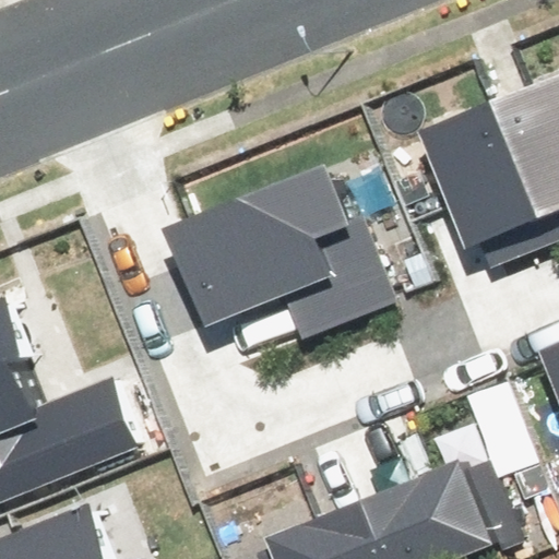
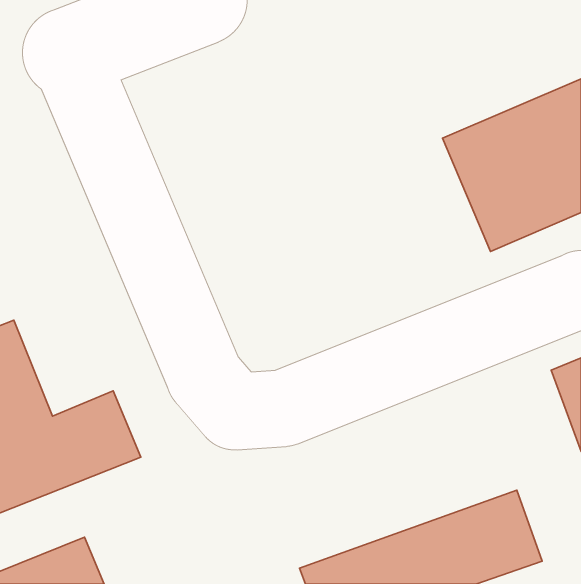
building: [169,170,399,337] -> none

